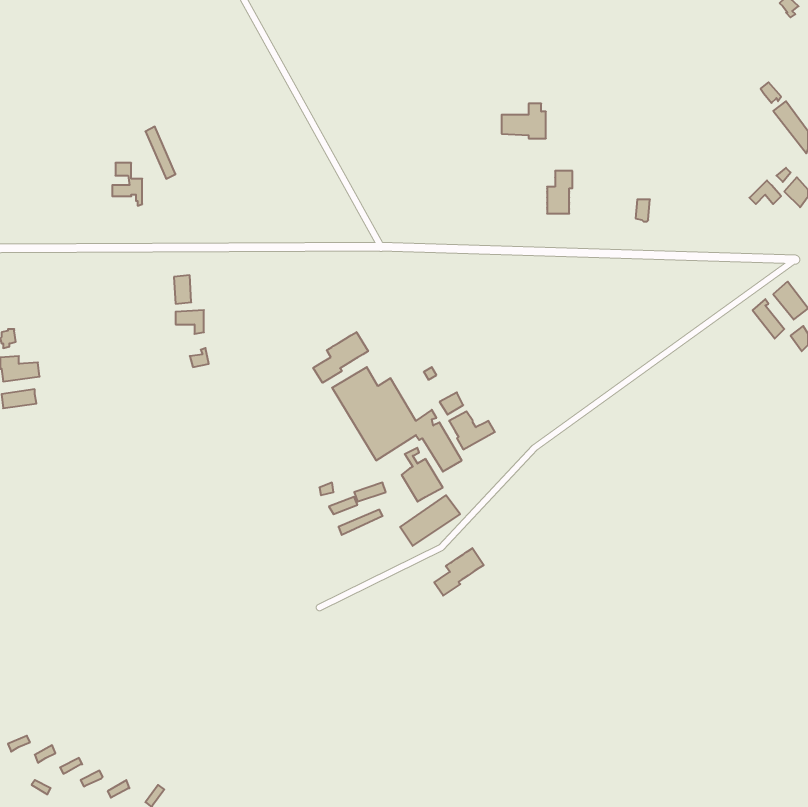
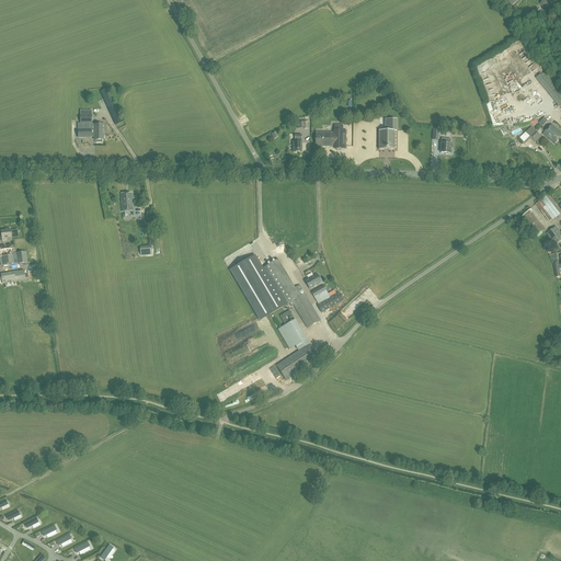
building: [502,104,546,138] -> [316,124,346,148]
building: [313,332,368,383] -> none
building: [434,548,484,596] -> none

